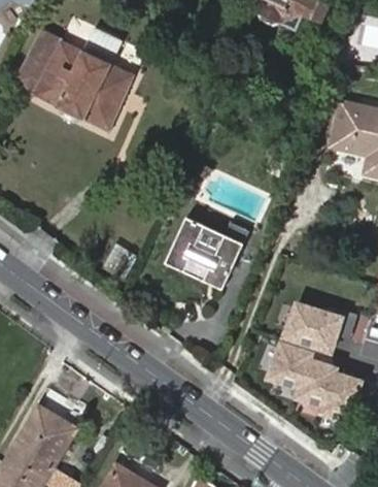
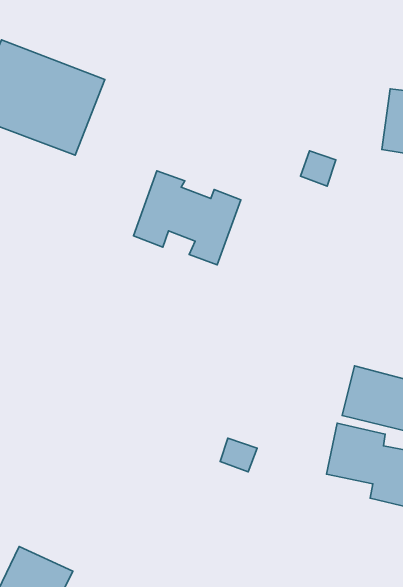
building: [161,218,241,290] -> [133,171,241,265]

